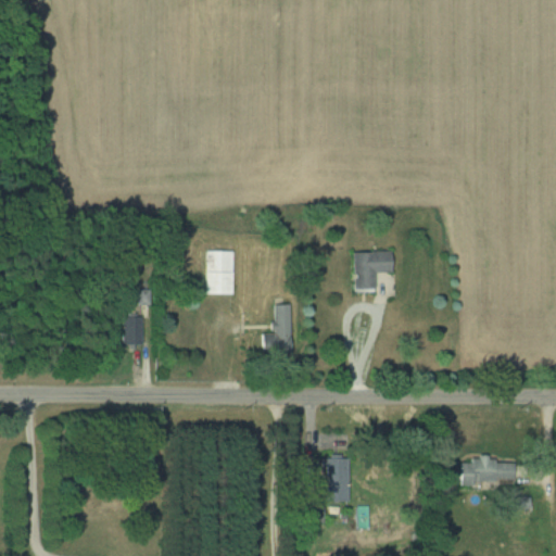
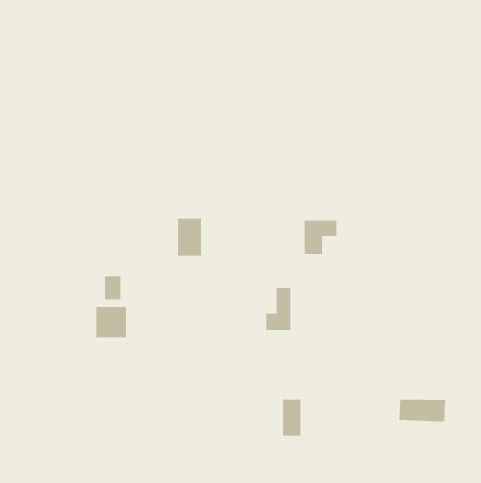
building: [262,305,291,355] -> [266,287,291,331]
building: none -> [96,306,127,338]

